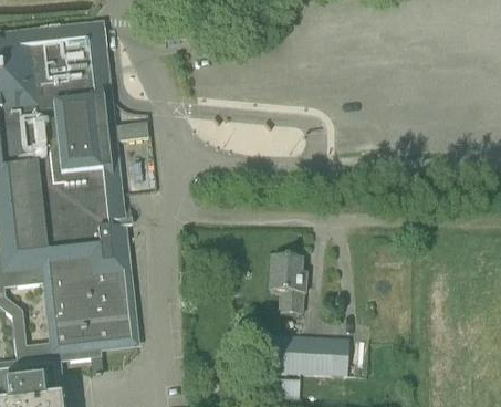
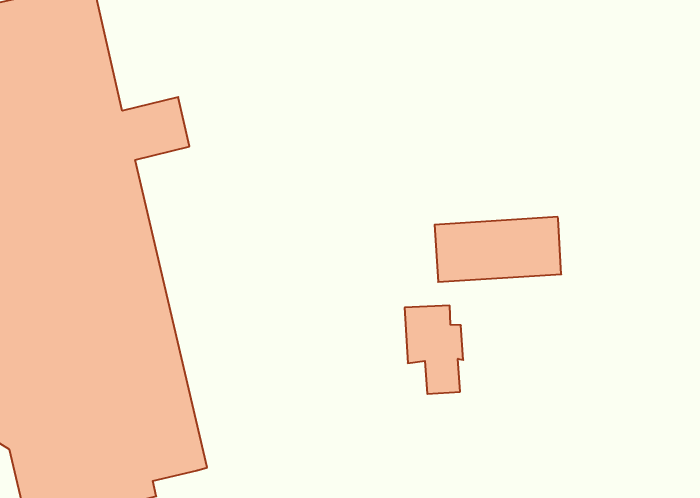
building: [271,335,352,376] -> [435,217,561,282]

